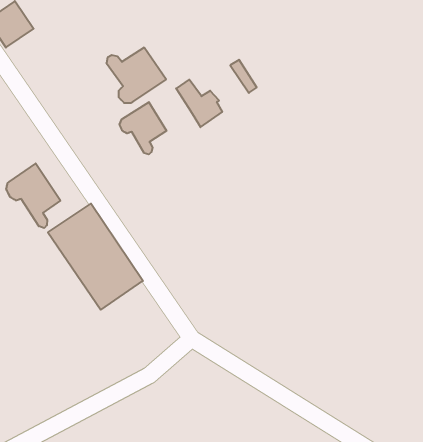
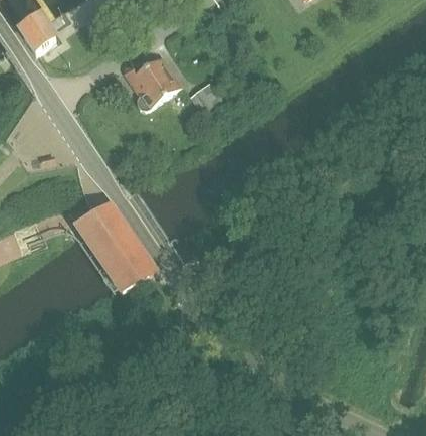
building: [120,102,166,154] -> none
building: [6,163,60,228] -> none

